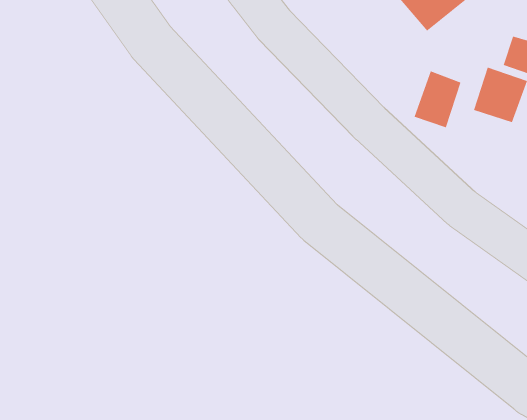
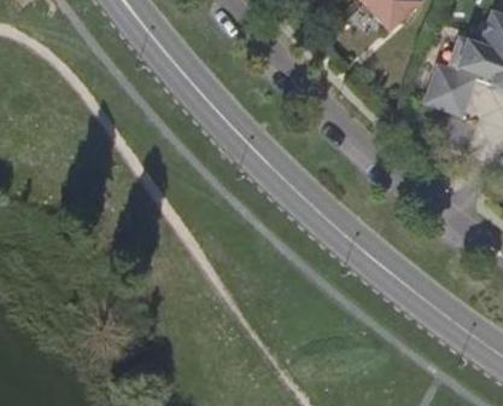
building: [414,71,461,128] -> none

